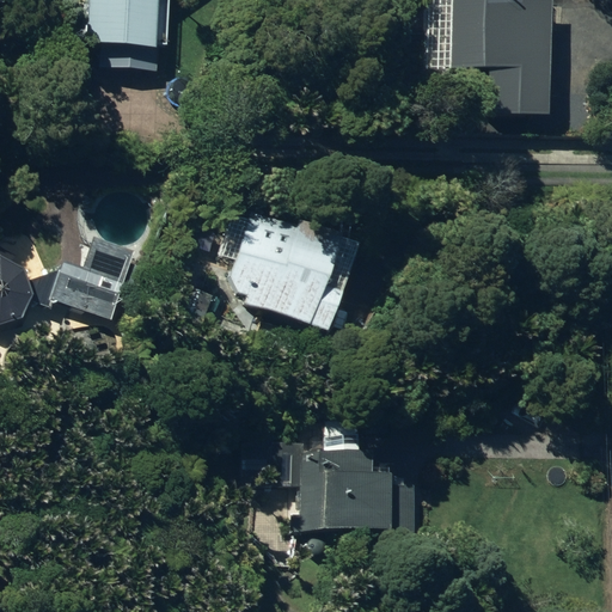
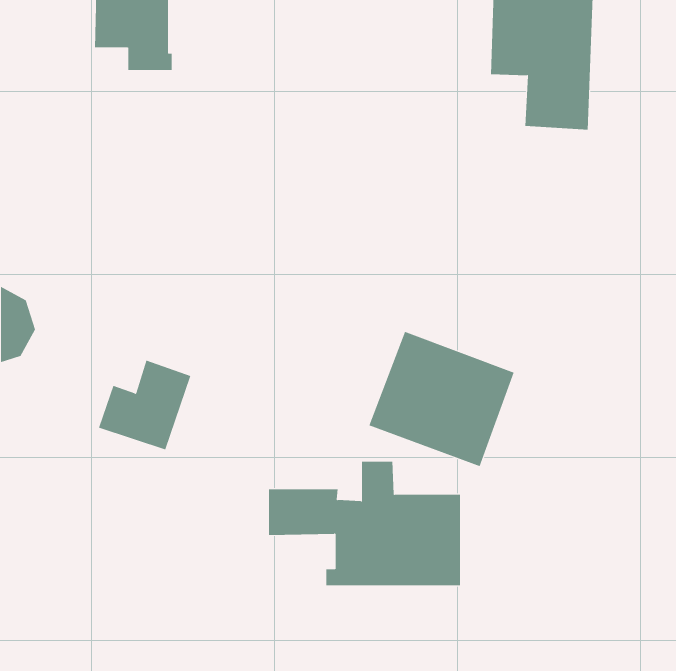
building: [224,209,355,331] -> [368,331,515,467]
building: [53,234,136,316] -> [98,360,191,450]

